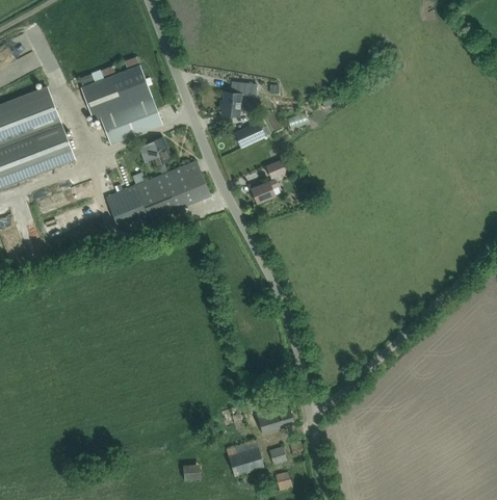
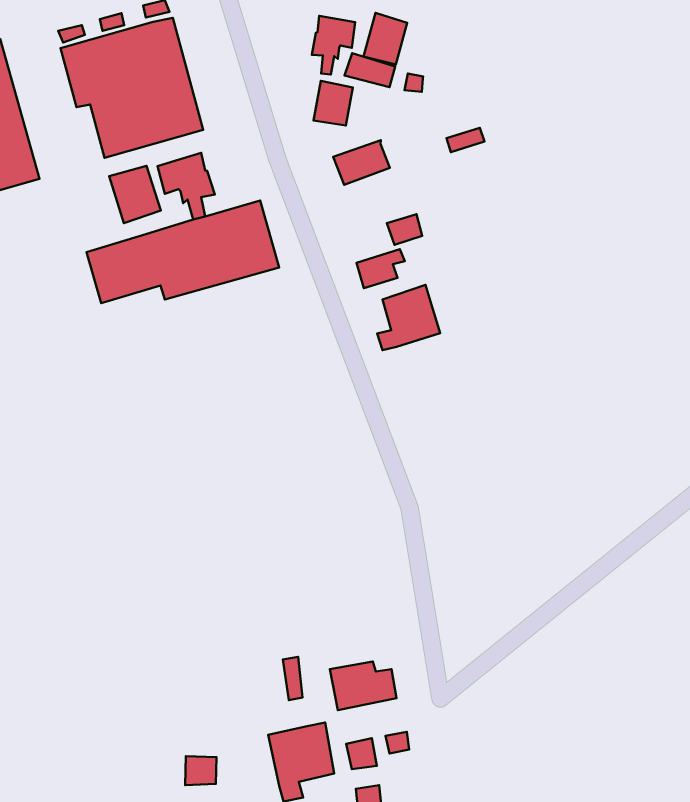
building: none -> [363,13,407,65]
building: none -> [312,16,355,75]
building: none -> [109,166,161,223]
building: none -> [377,285,440,350]

